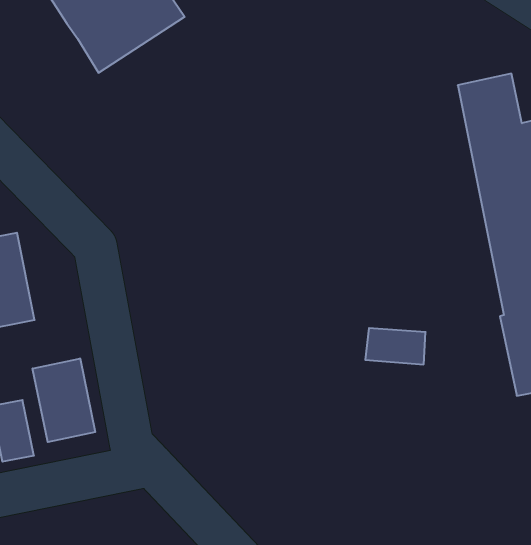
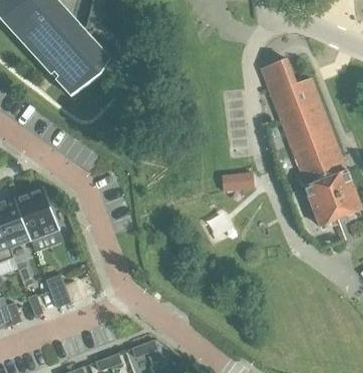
building: [365,328,426,364] -> [221,171,253,192]
building: [33,358,95,442] -> none

